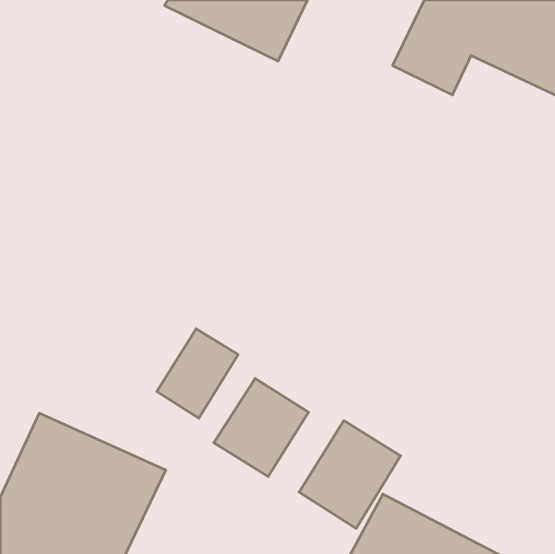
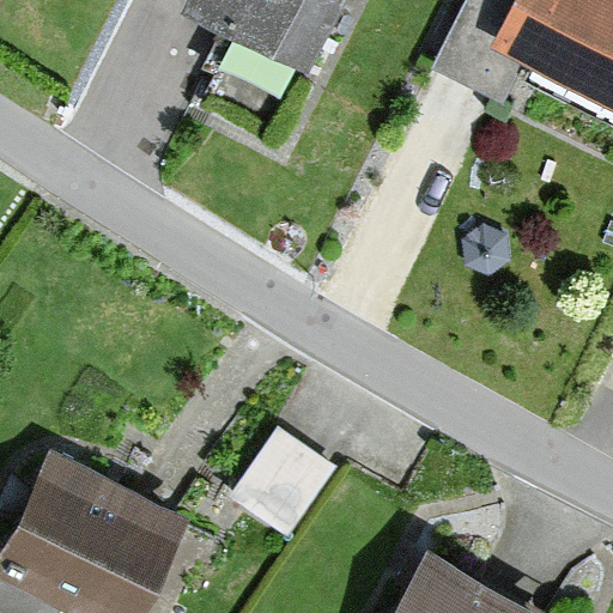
building: [157,329,238,418] -> none
building: [299,421,401,528] -> none

